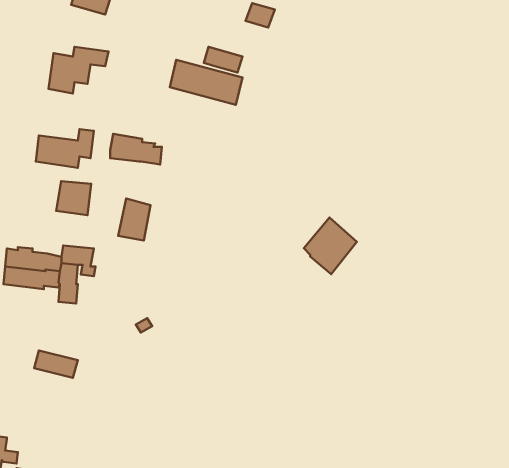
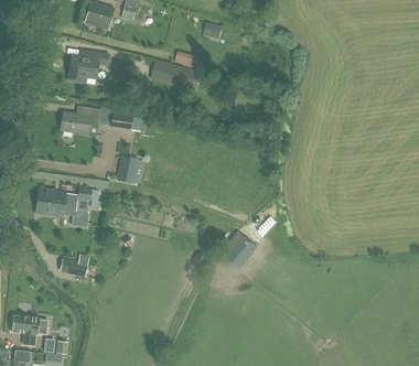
building: [56,181,91,215] -> none
building: [304,218,357,274] -> [221,229,257,268]

